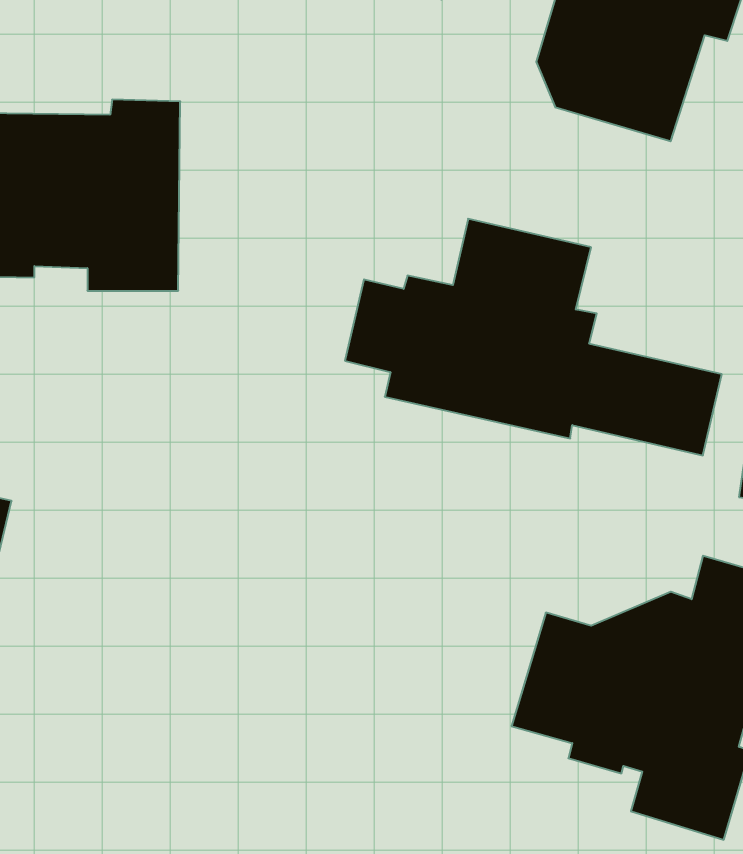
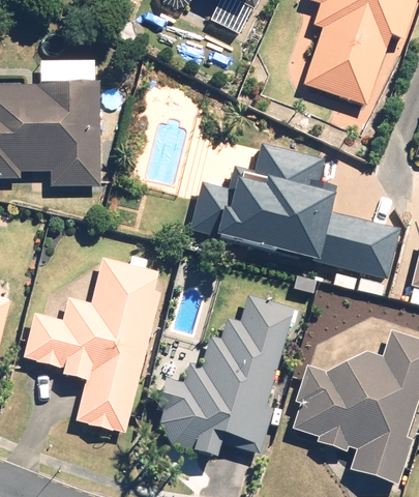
building: none -> [25,260,162,432]
building: none -> [151,293,295,461]

